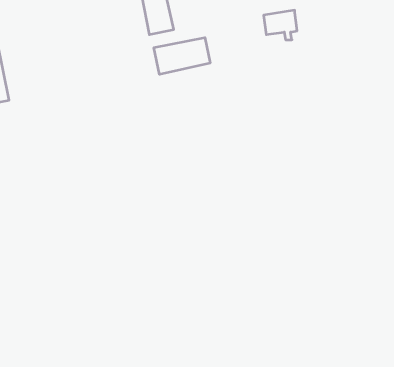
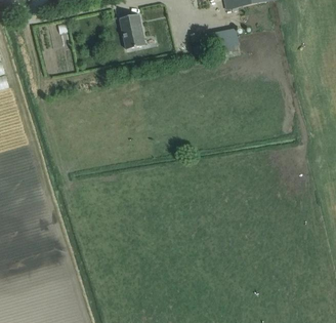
building: [154,38,210,74] -> none

